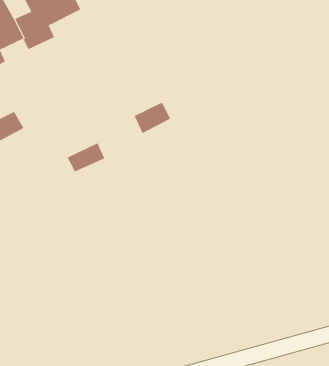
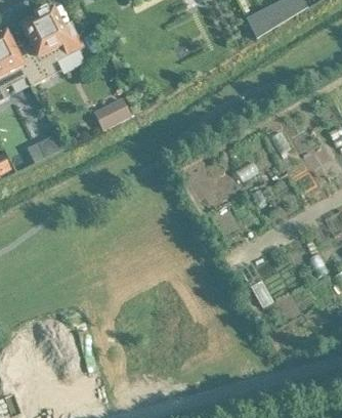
building: [134,102,171,134] -> [93,97,129,128]
building: [67,143,105,172] -> [26,132,62,161]

